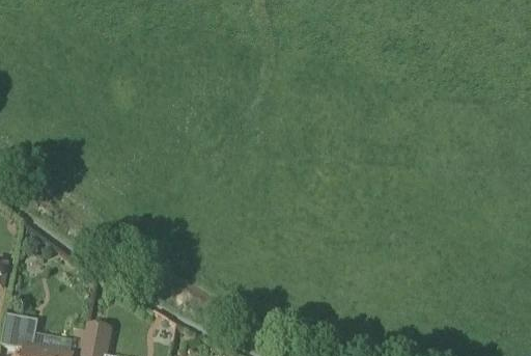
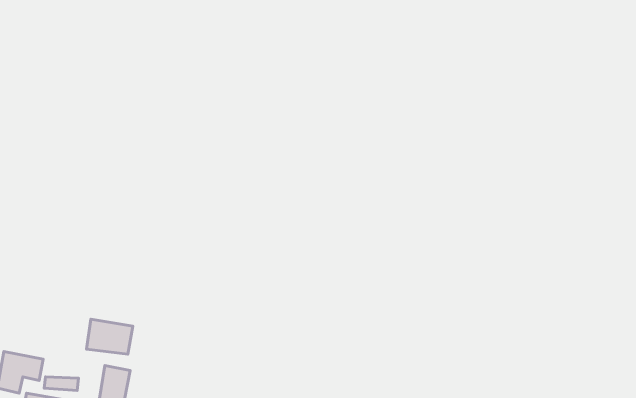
building: none -> [86,319,133,354]

